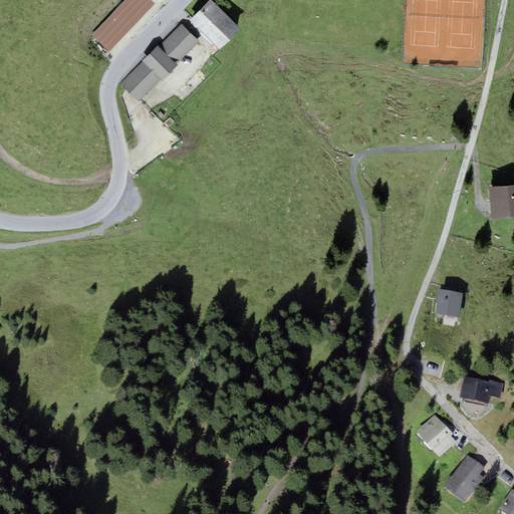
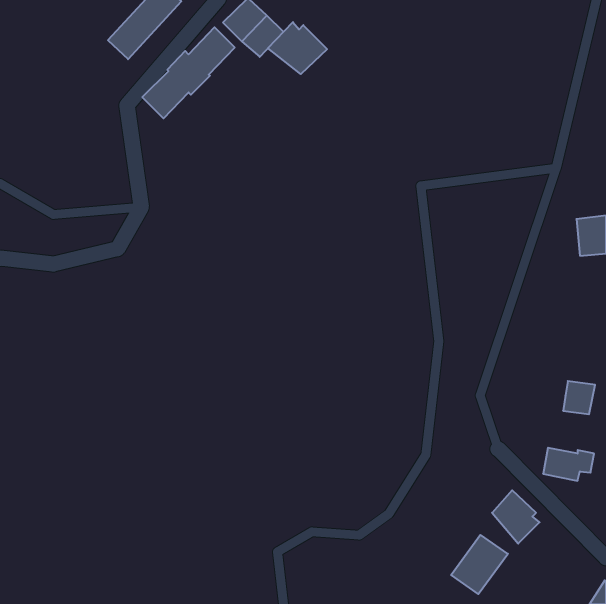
building: none -> [268,22,327,74]
building: [436,293,463,321] -> [563,381,595,414]
building: [442,457,490,507] -> [451,535,508,594]

